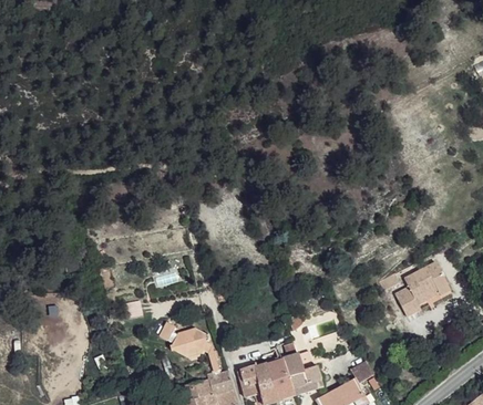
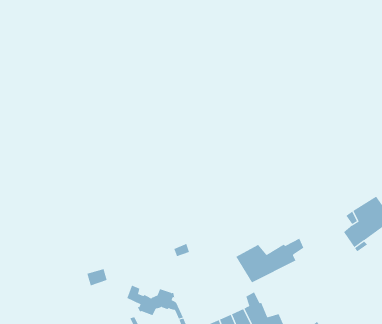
building: none -> [235,238,304,283]

